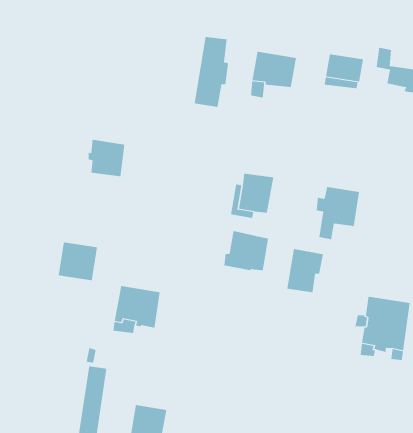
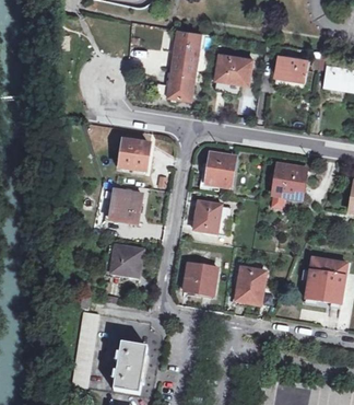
building: [88,139,125,177] -> [119,140,150,171]
building: [58,242,98,281] -> [109,189,142,221]
building: [286,249,324,293] -> [235,267,266,303]
building: none -> [184,263,216,294]

